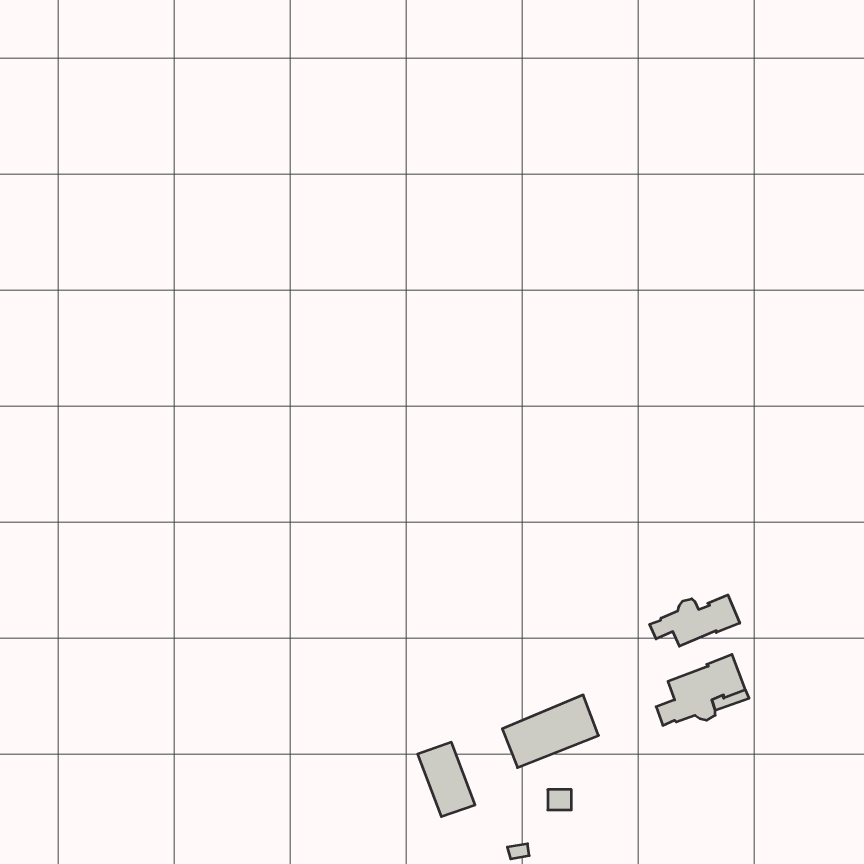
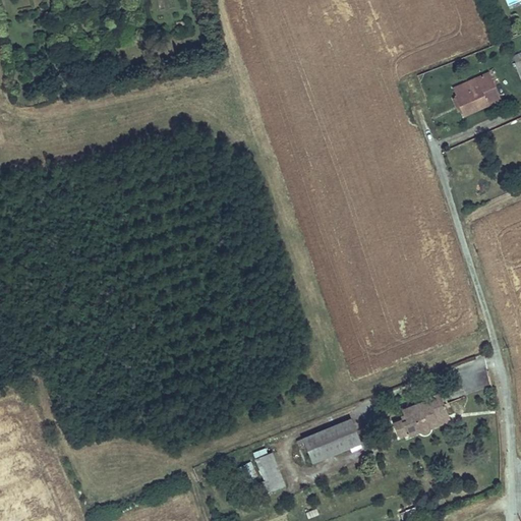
building: none -> [454,73,499,116]
building: [650,595,740,646] -> none

